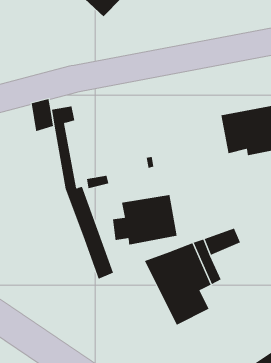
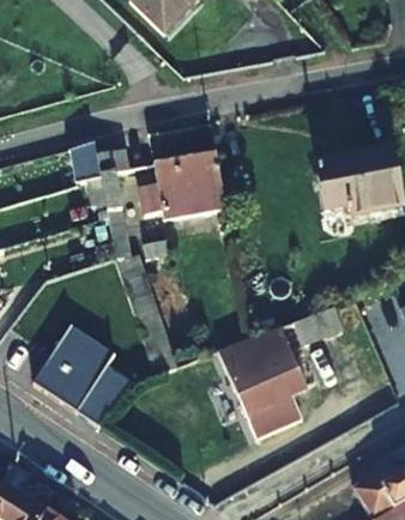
building: [112,194,177,245] -> [140,152,225,218]
building: none -> [35,324,134,424]

